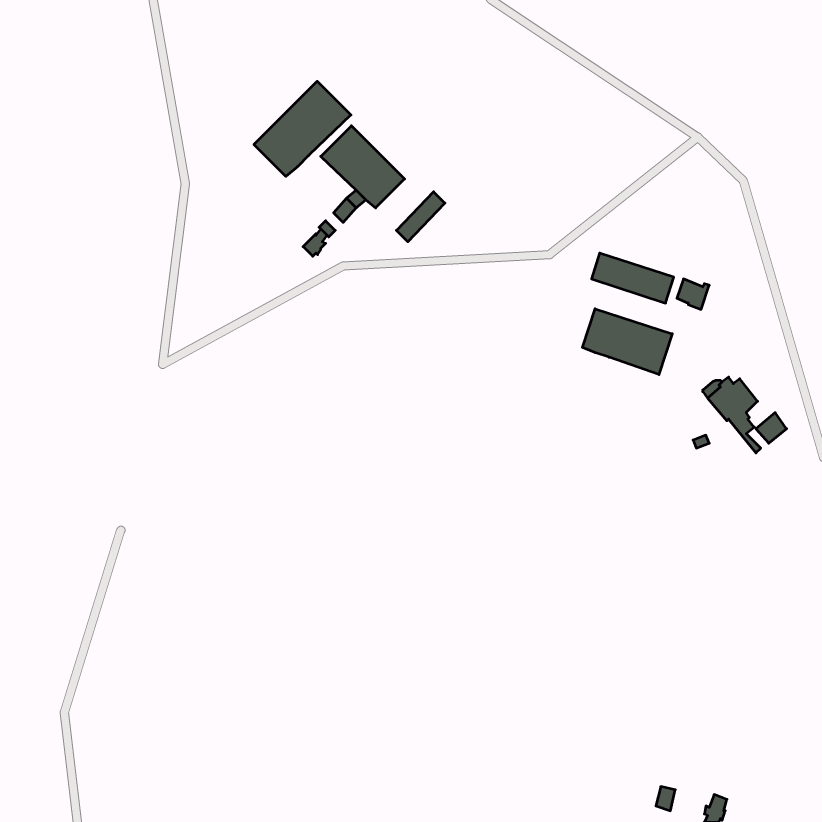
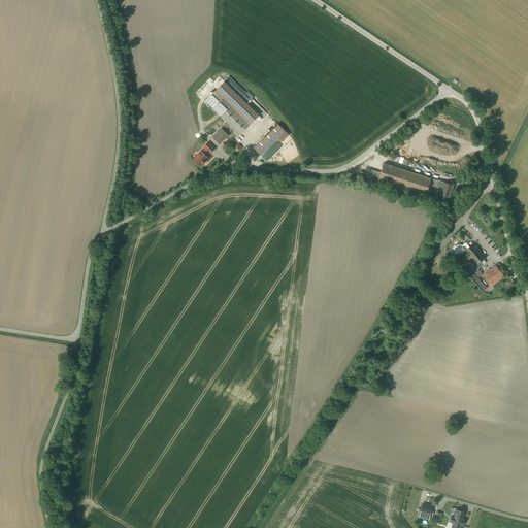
building: [254,81,351,176] -> none
building: [582,309,672,375] -> none

